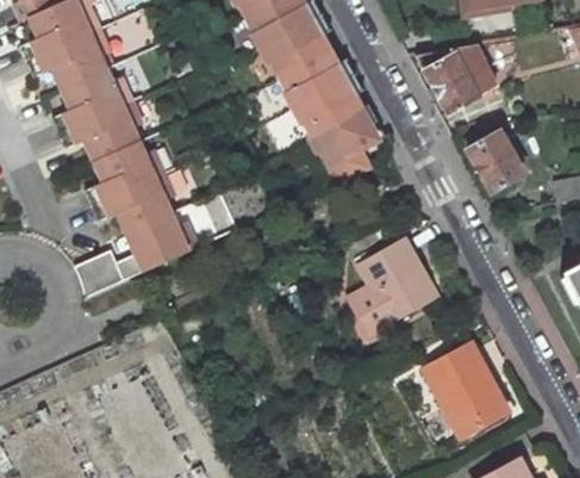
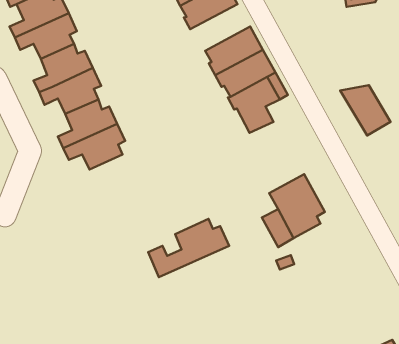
building: [257,14,337,76] -> none
building: [412,39,499,111] -> none
building: [88,213,195,291] -> [148,219,229,277]
building: [430,344,507,436] -> none

